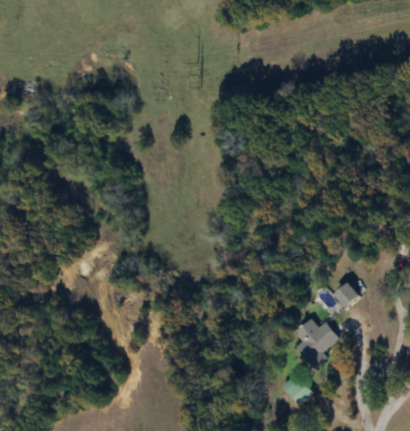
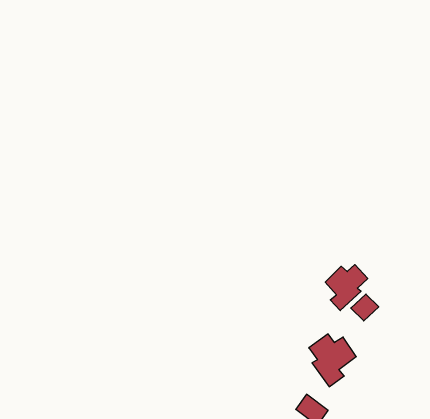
building: none -> [325,265,368,311]

